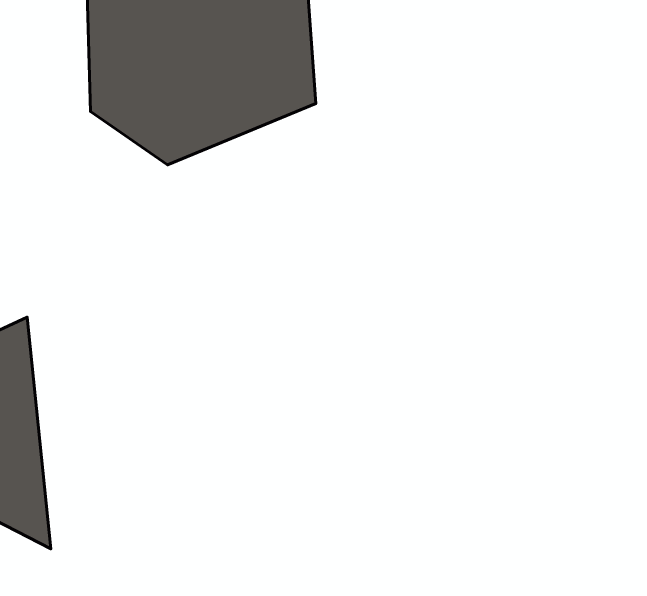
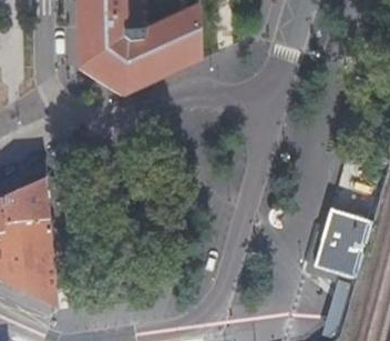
building: none -> [311,209,371,278]

